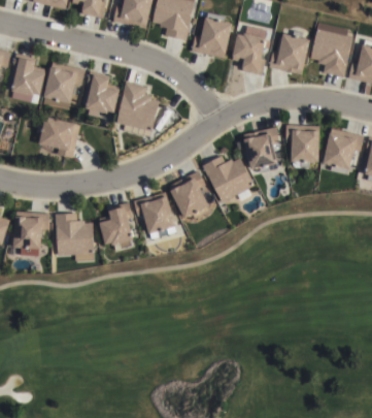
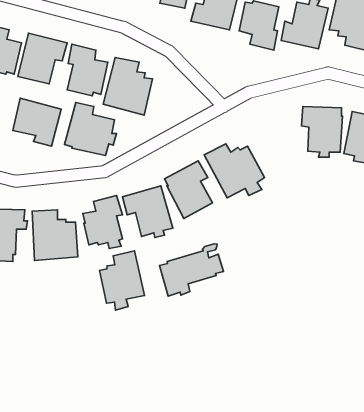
building: none -> [65,102,117,156]
building: [244,127,280,170] -> none
building: none -> [159,244,224,296]
building: none -> [100,251,144,310]

